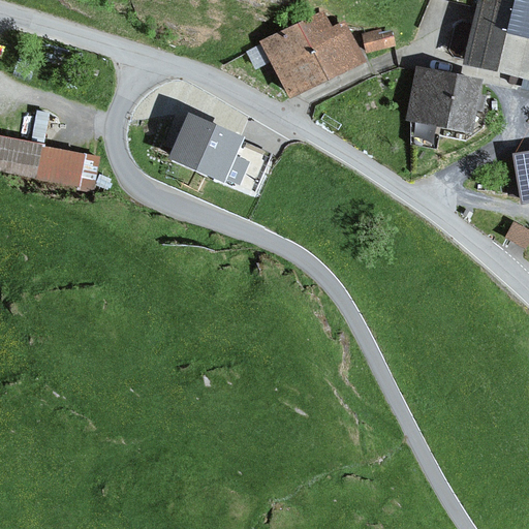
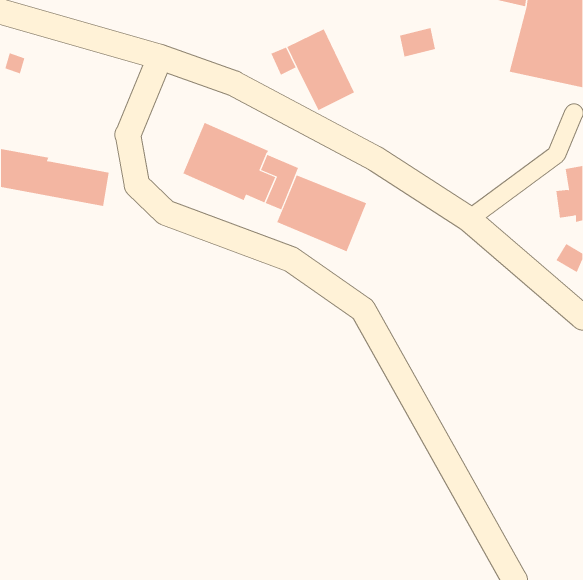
building: [293,11,366,84] -> none
building: [406,67,487,132] -> none
building: none -> [277,174,367,252]

